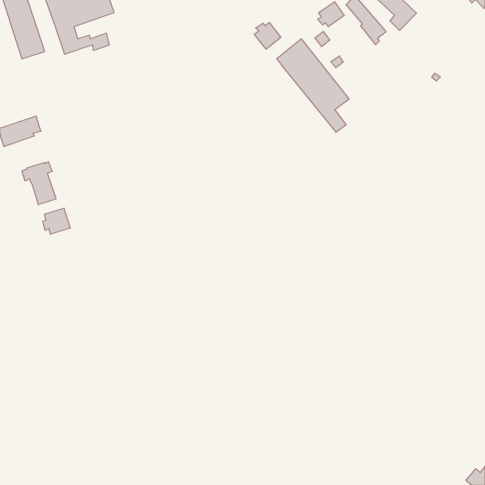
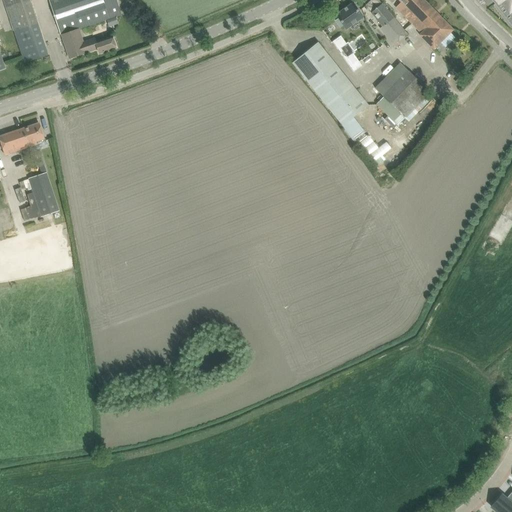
building: none -> [418,14,452,48]
building: [254,23,281,49] -> none
building: none -> [373,61,429,124]
building: [43,208,70,234] -> none

